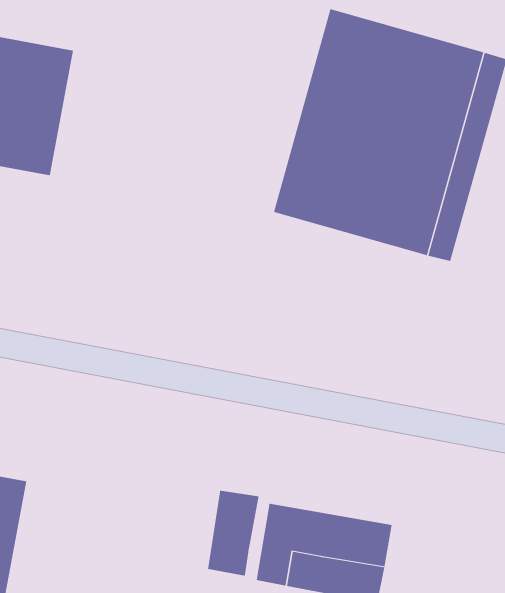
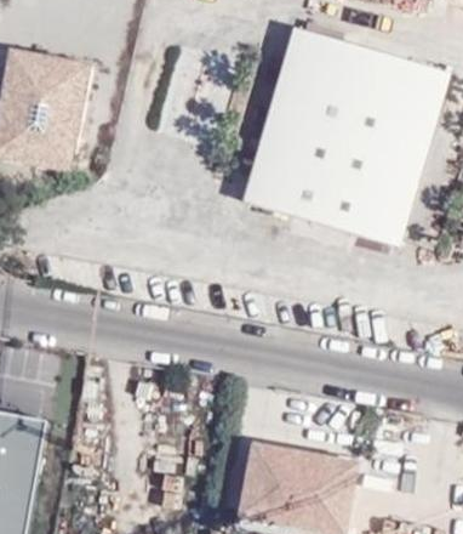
building: [208,490,259,576] -> none

